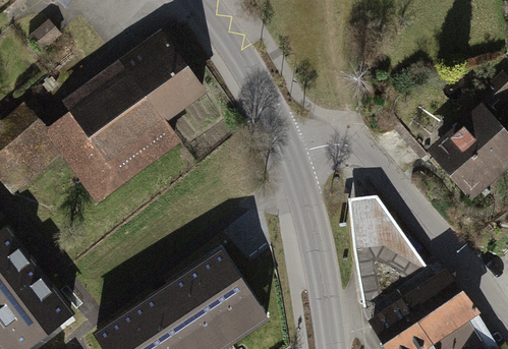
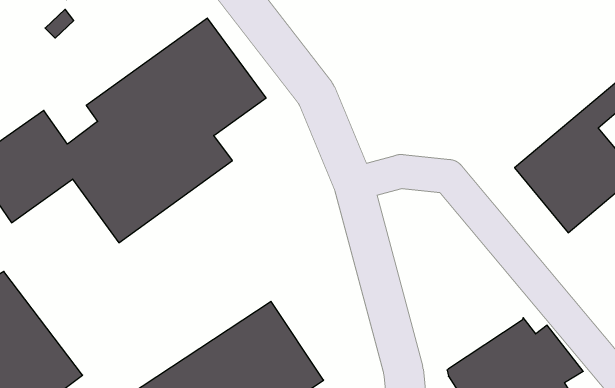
building: [351,198,428,308] -> none

